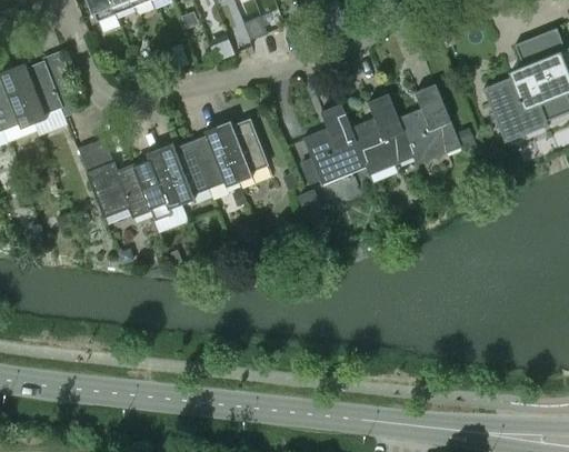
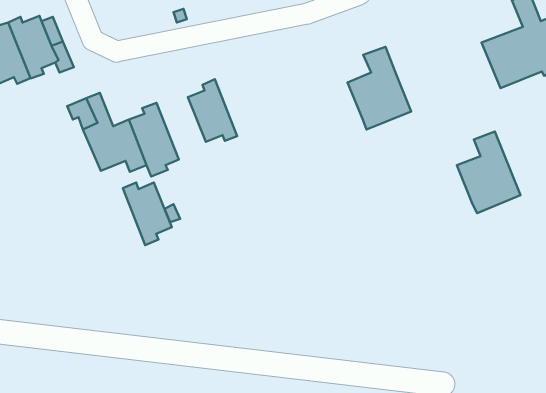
building: [397,86,460,167] -> [457,132,521,213]
building: [301,104,365,185] -> none
building: [217,120,267,182] -> none
building: [159,143,208,205] -> [123,183,172,245]

